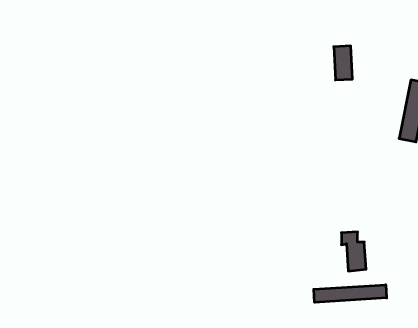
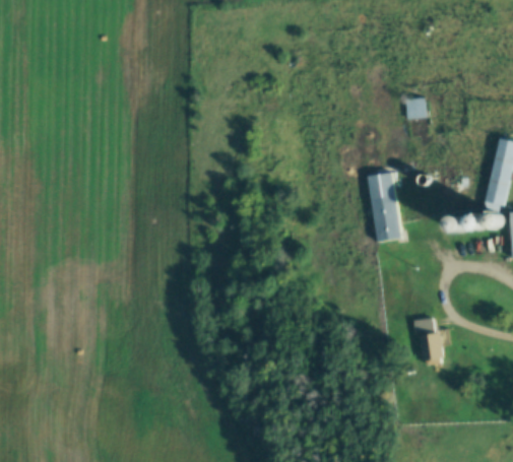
building: none -> [368,171,403,243]
building: [314,285,387,302] -> none

